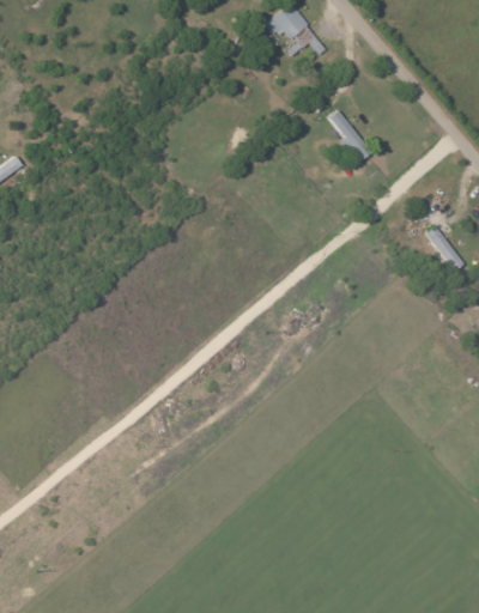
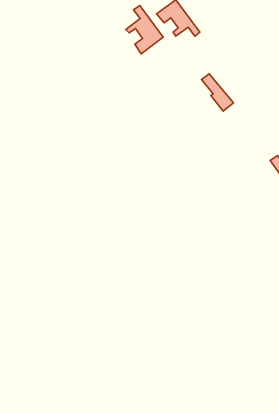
building: none -> [126,6,163,54]

